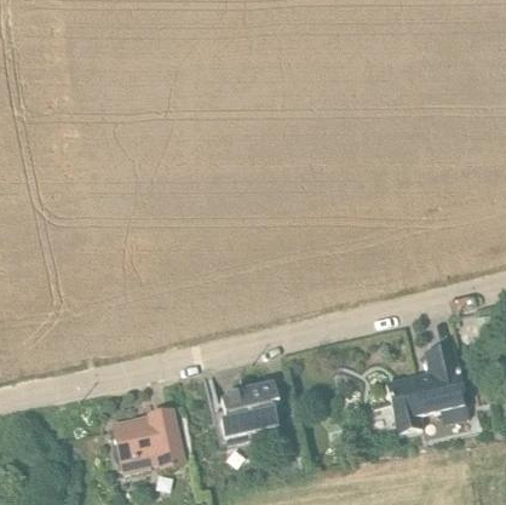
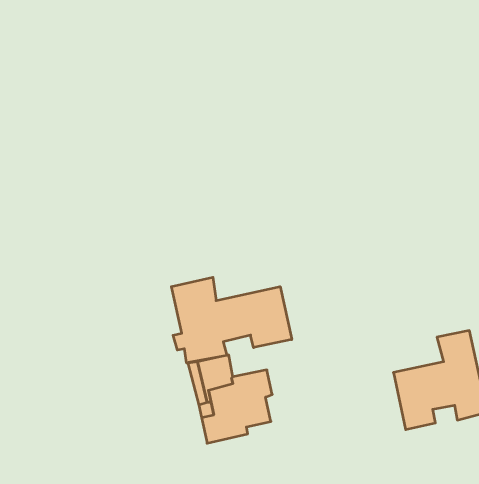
building: none -> [171,277,292,363]
building: [114,409,184,472] -> none

